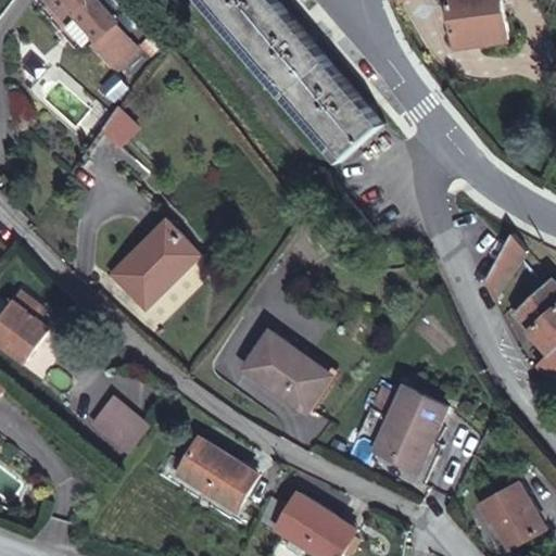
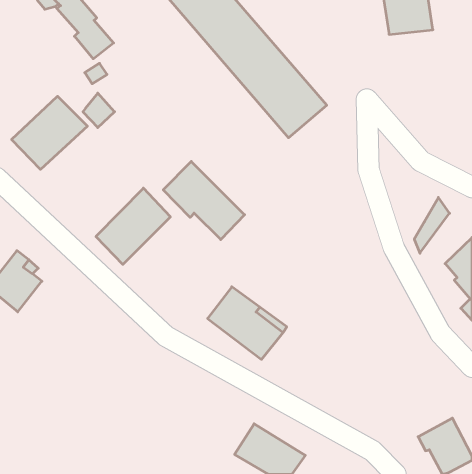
building: none -> [12,96,87,169]
building: none -> [163,161,245,240]
building: [371,387,448,469] -> none
building: [88,397,144,452] -> none
building: [178,438,257,509] -> none

